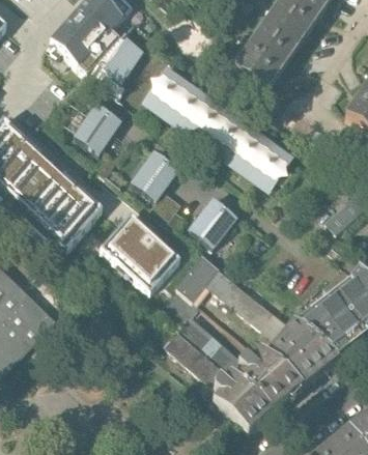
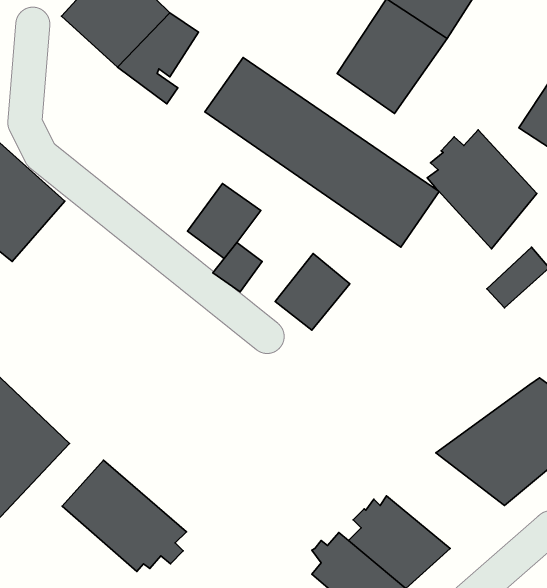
building: [73,103,120,152] -> none
building: none -> [427,130,537,249]
building: [17,161,101,245] -> none
building: [98,211,179,289] -> none
building: [176,253,288,336] -> none
building: [165,314,246,387] -> [62,460,186,572]
building: [265,324,337,387] -> none

